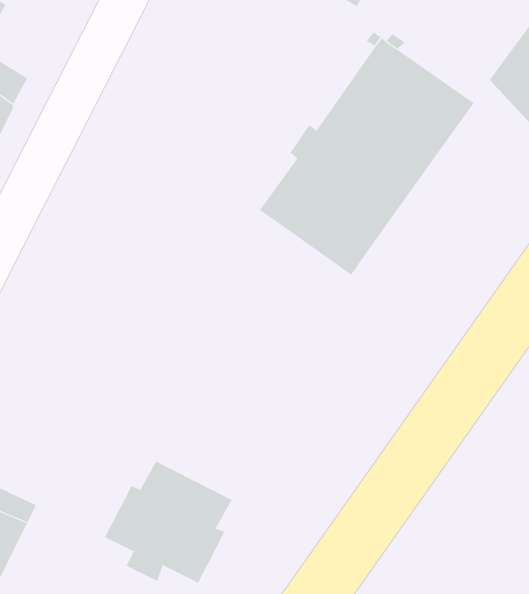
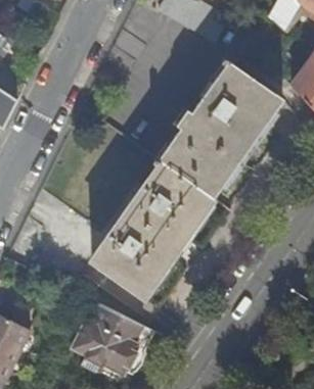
building: none -> [91,158,213,297]

